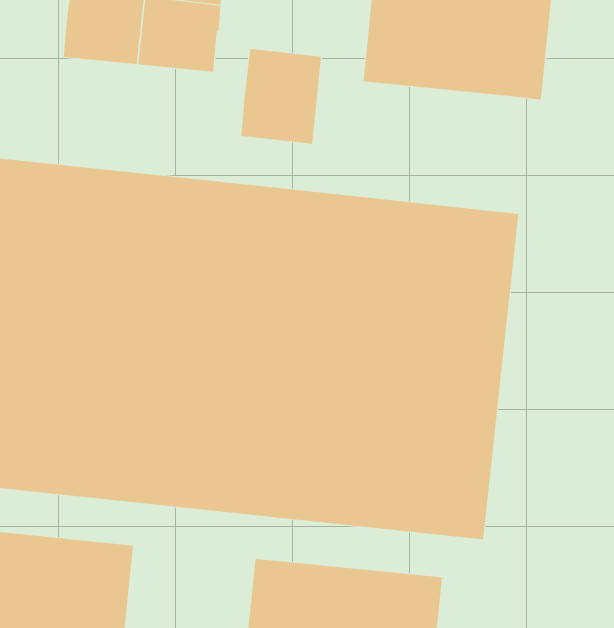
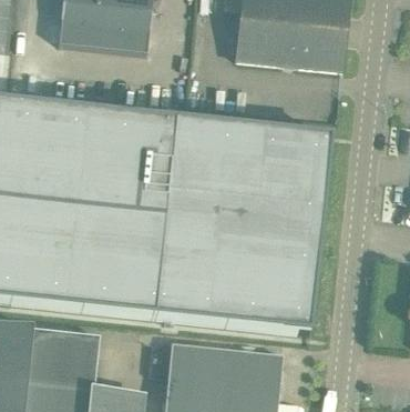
building: [241,48,321,144] -> none

